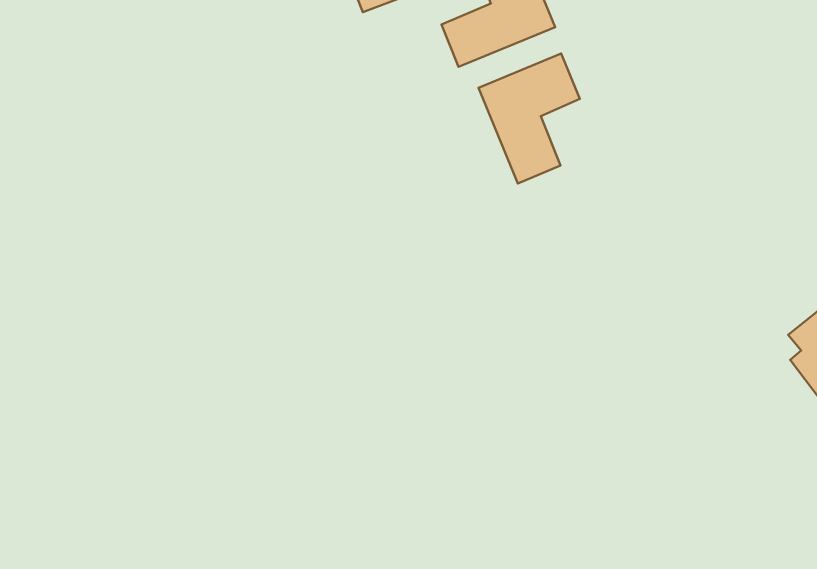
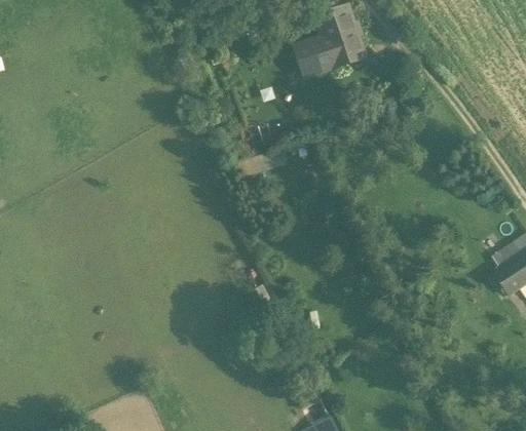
building: [478,54,580,184] -> none

